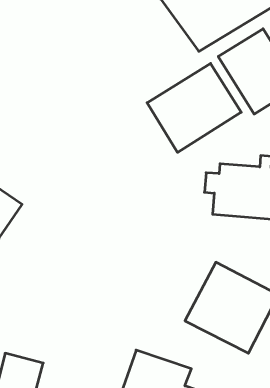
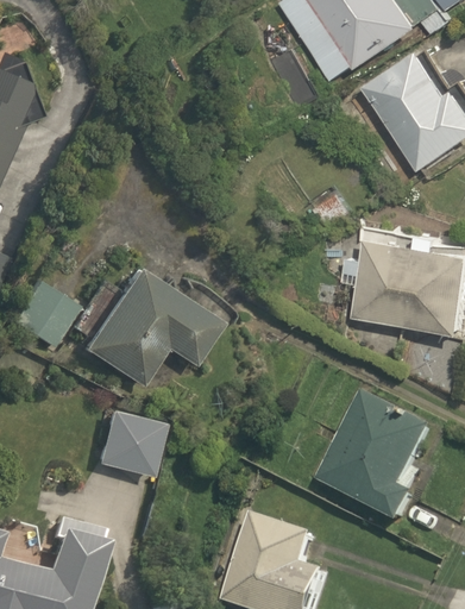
building: [147,63,241,152] -> none
building: none -> [78,265,225,395]
building: none -> [93,413,158,479]

